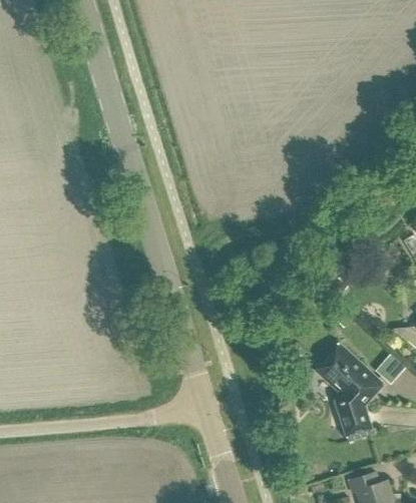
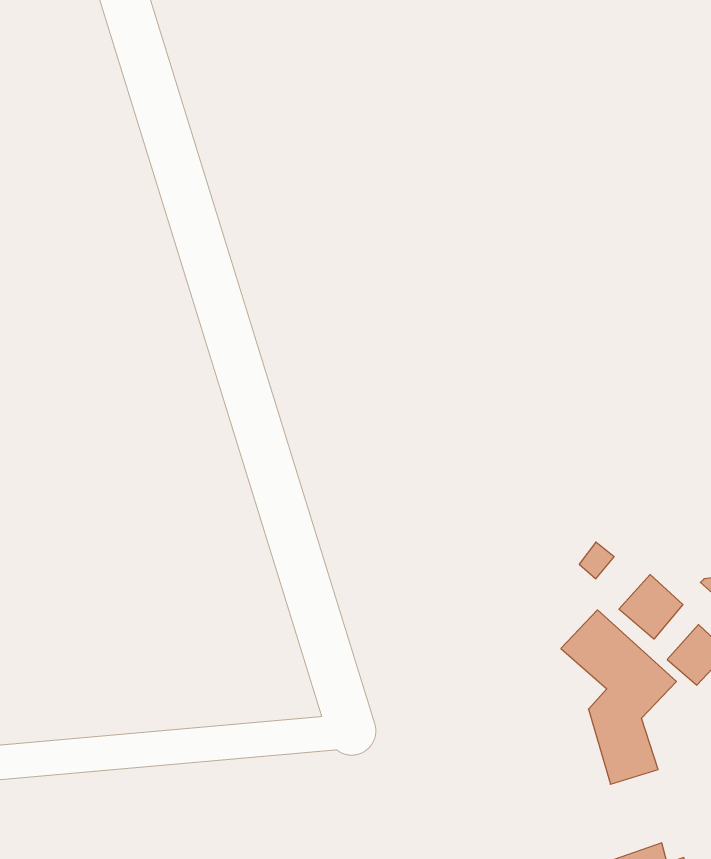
building: none -> [619,575,683,639]

